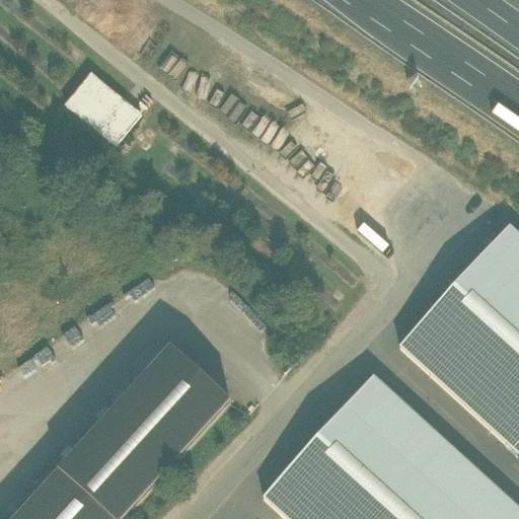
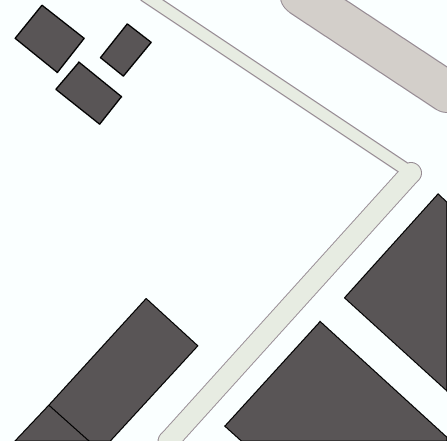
building: none -> [15,5,84,73]
building: none -> [101,24,151,76]

